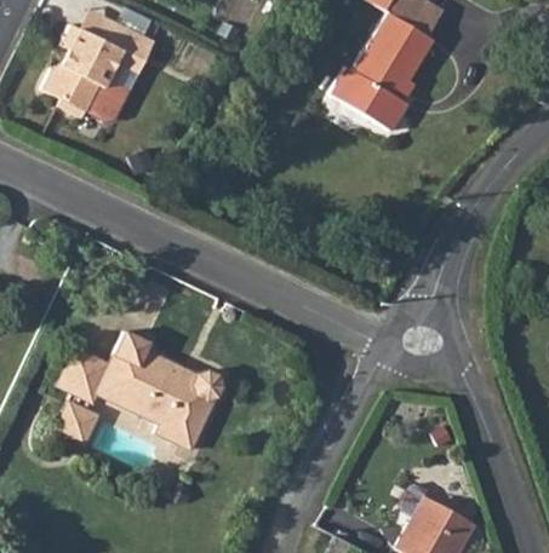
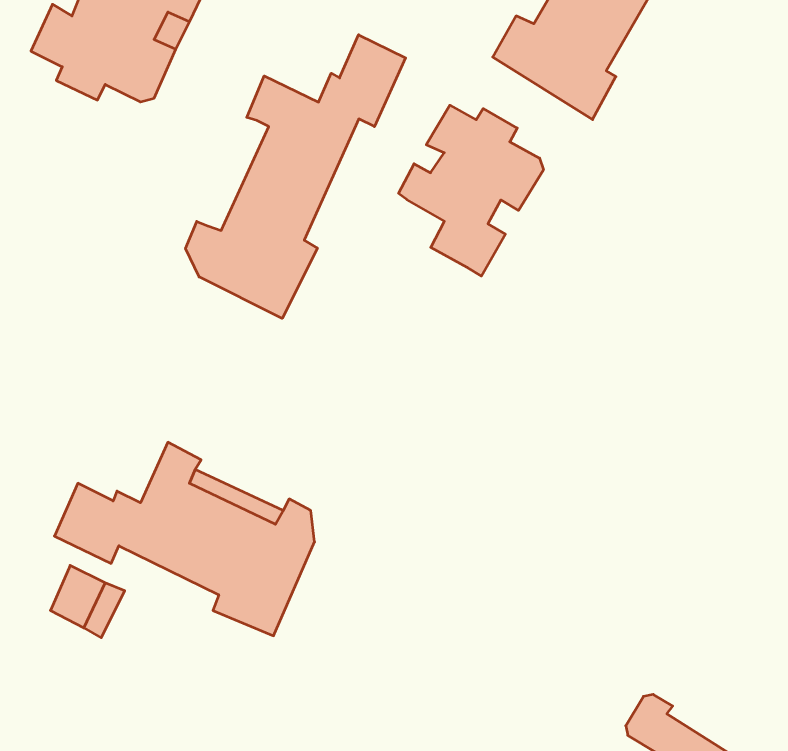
building: none -> [186,35,406,318]
building: none -> [399,105,543,276]

